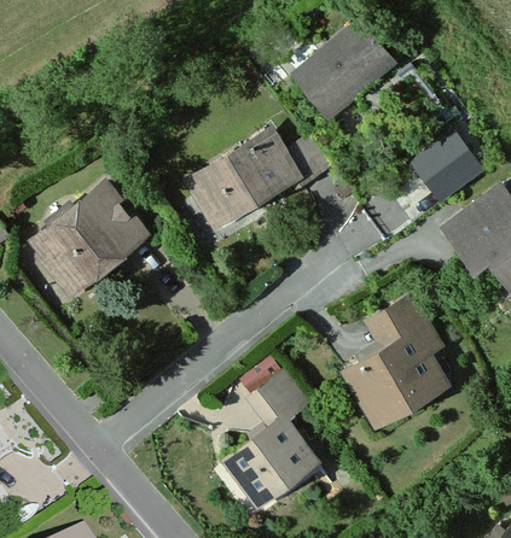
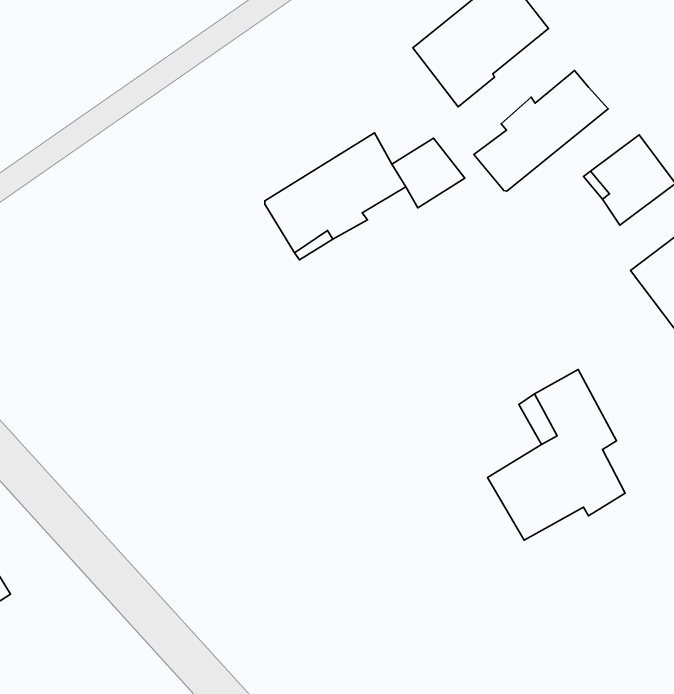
building: none -> [474,70,608,191]
building: [36,189,141,279] -> none
building: [227,373,314,501] -> none

